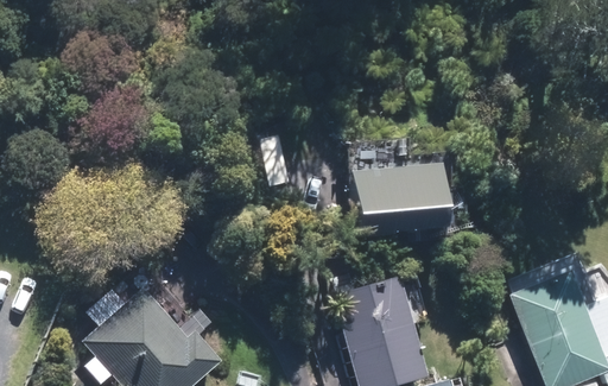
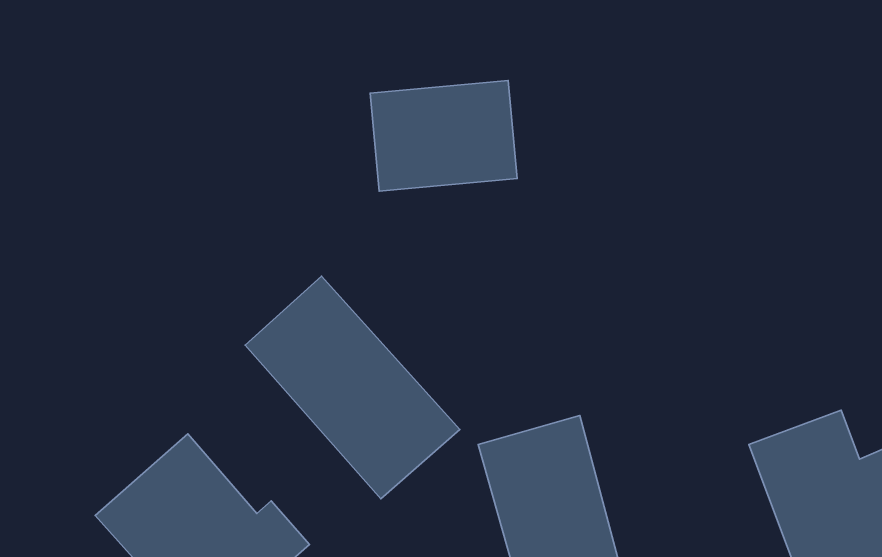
building: [352,162,448,234] -> [370,81,517,191]
building: none -> [245,276,460,499]

